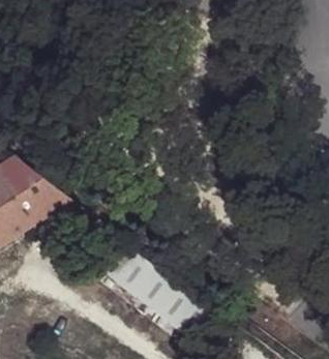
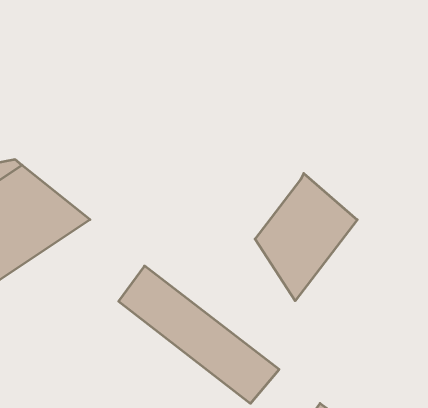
building: none -> [255,173,357,301]

